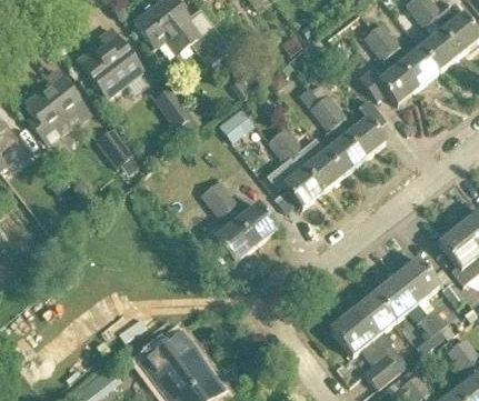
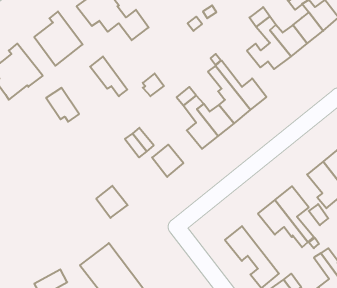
building: [213,219,255,261] -> [96,186,128,218]
building: [352,292,408,370] -> none

